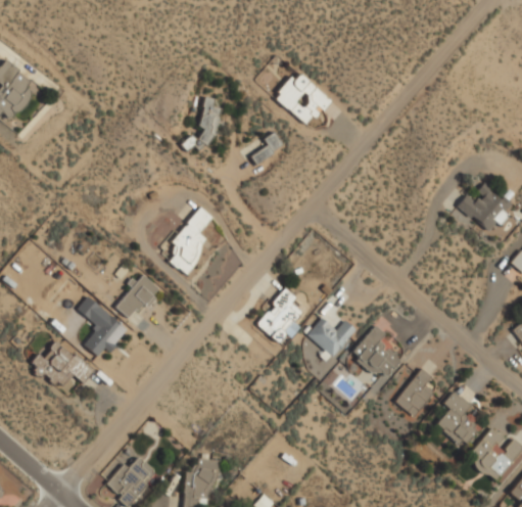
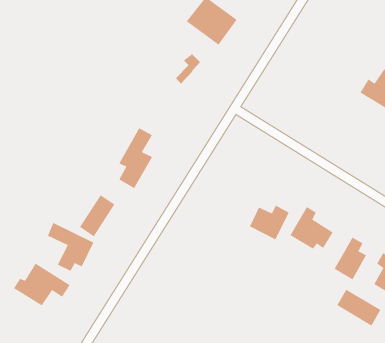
building: [181,96,222,150] -> none
building: [255,287,301,342] -> none
building: none -> [337,289,381,326]

